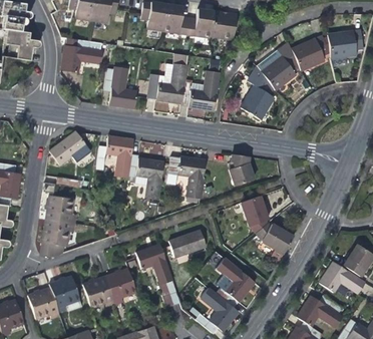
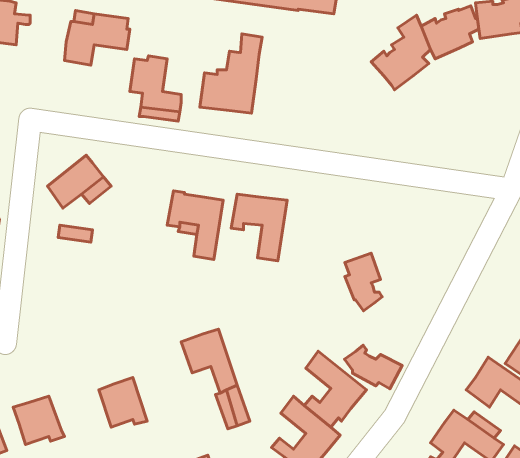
building: [181,70,219,111] -> none
building: [240,77,274,117] -> none
building: [94,136,133,178] -> none
building: [228,153,253,185] -> none
building: [40,194,75,254] -> none
building: [254,223,291,251] -> [345,345,402,389]
building: [168,230,206,258] -> none
building: [105,268,136,303] -> none
building: [50,275,80,309] -> none

